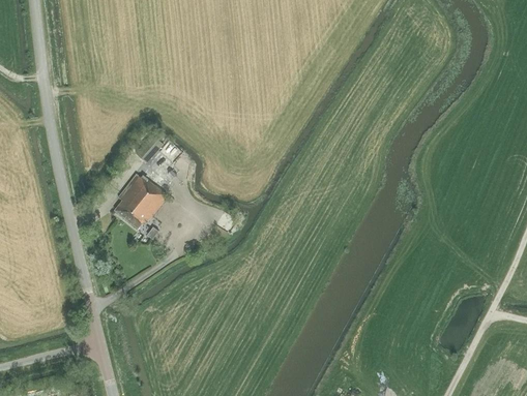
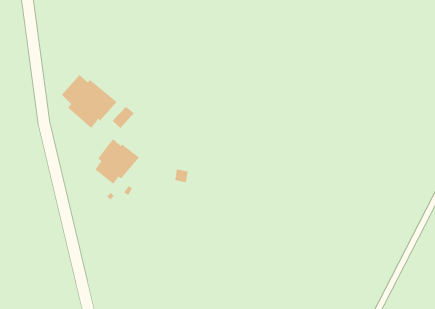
building: none -> [61,74,118,129]

